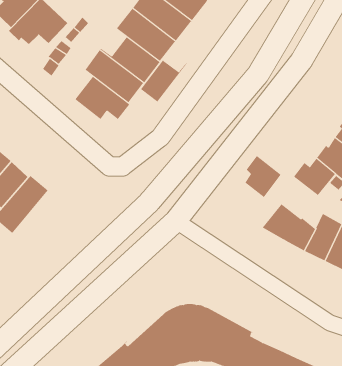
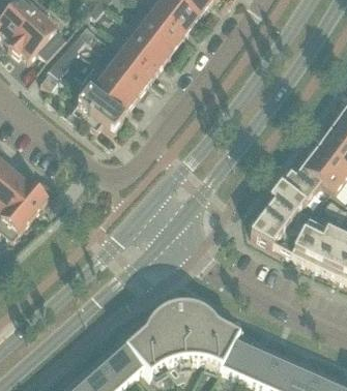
building: [140,50,187,102] -> none
building: [245,155,282,198] -> [269,184,305,224]

